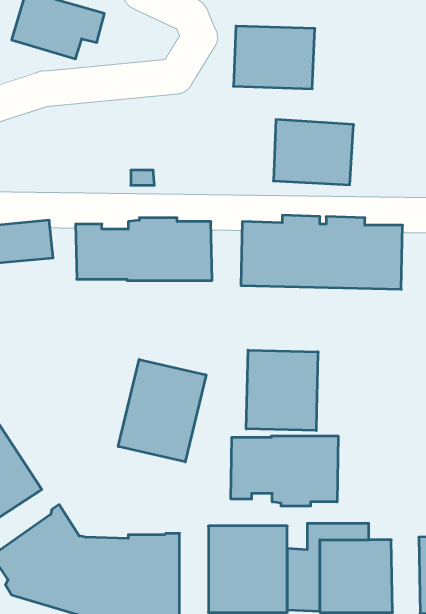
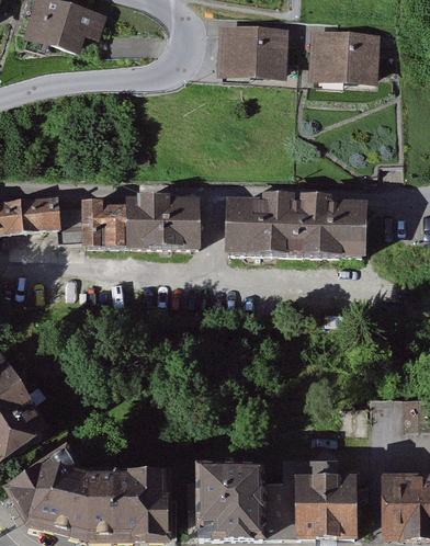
building: [273,120,354,185] -> [309,29,380,86]
building: [246,350,318,431] -> none
building: [118,359,206,462] -> none
building: [231,436,338,506] -> none

